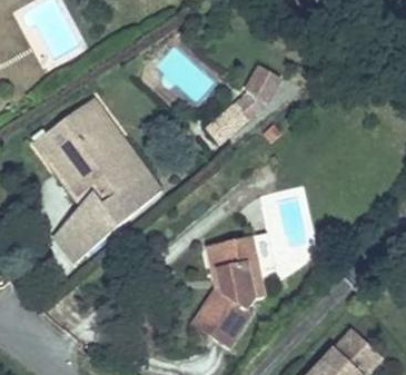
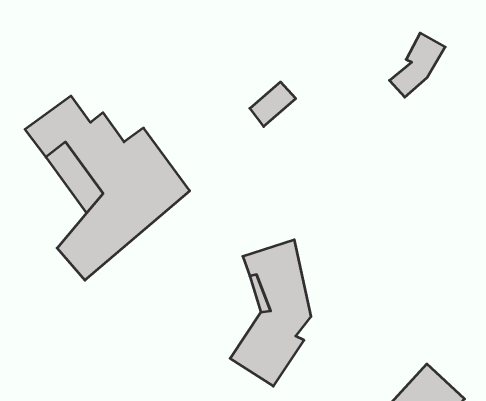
building: [234,66,278,117] -> [389,33,445,97]
building: [67,97,125,151] -> none

